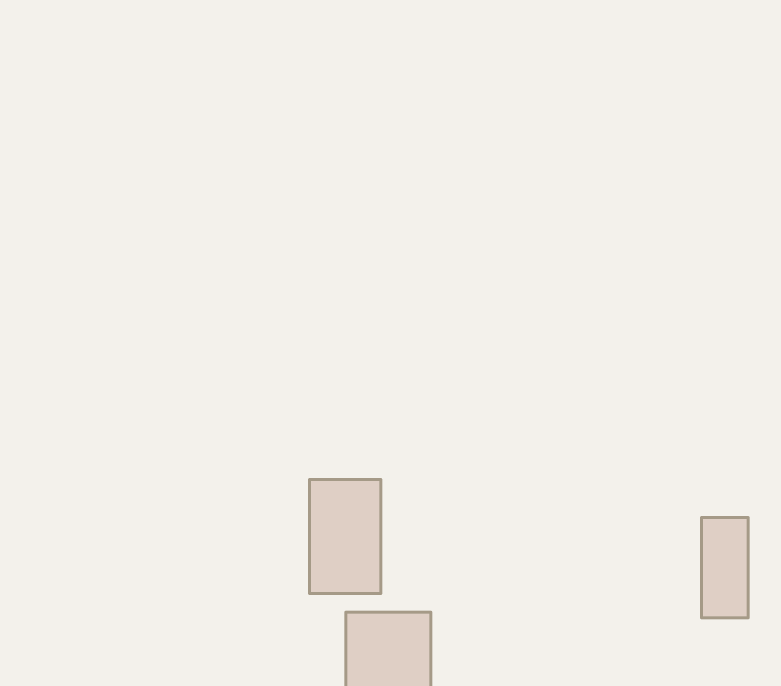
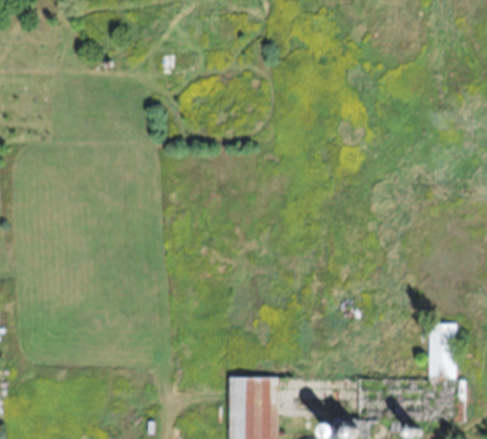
building: [310,479,381,593] -> none

